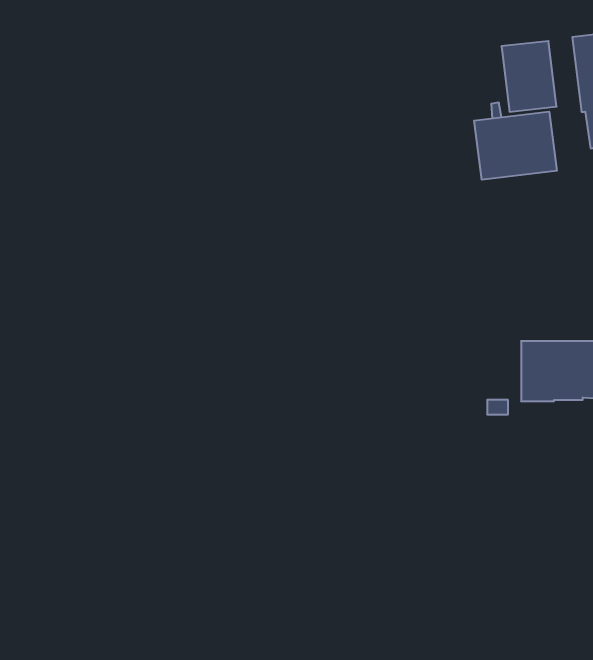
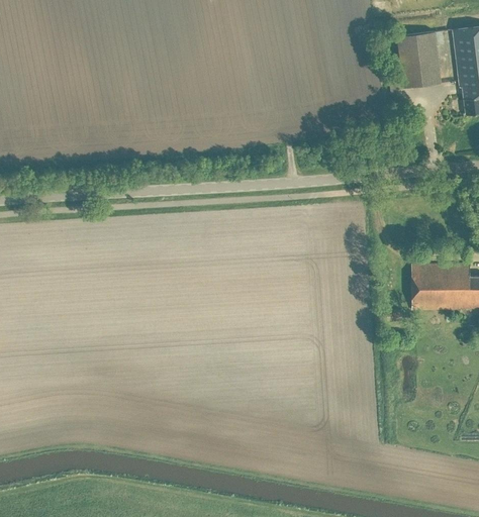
building: [474,112,557,180] -> none

